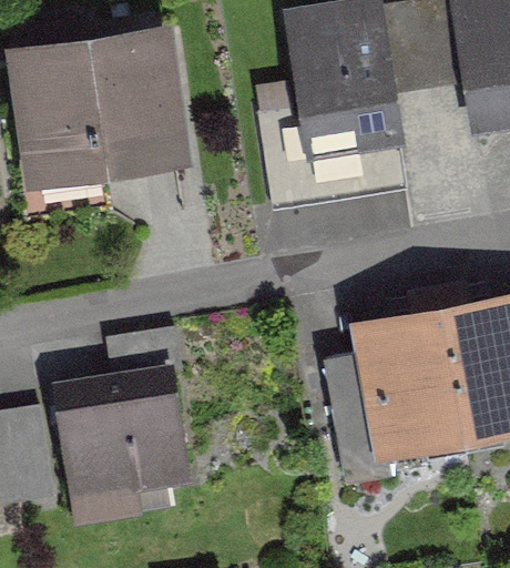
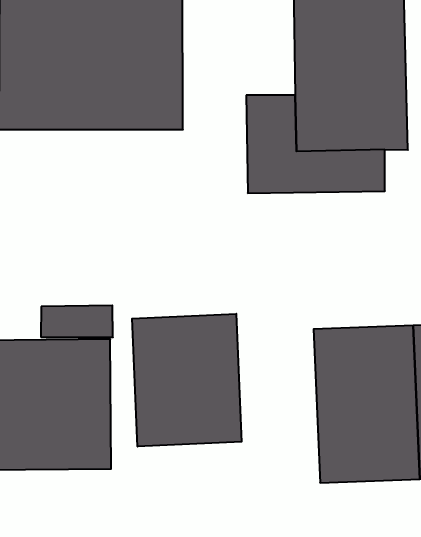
building: none -> [132,314,242,447]

